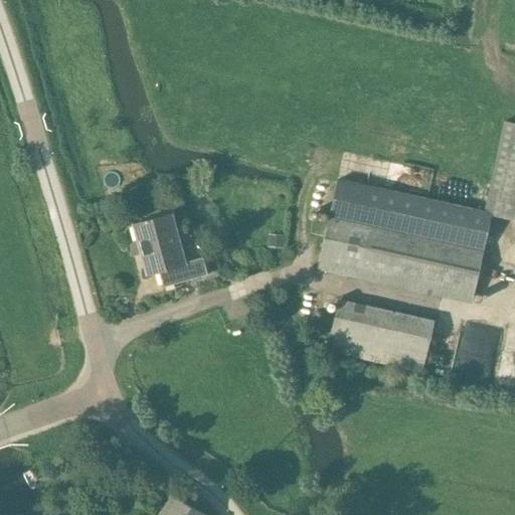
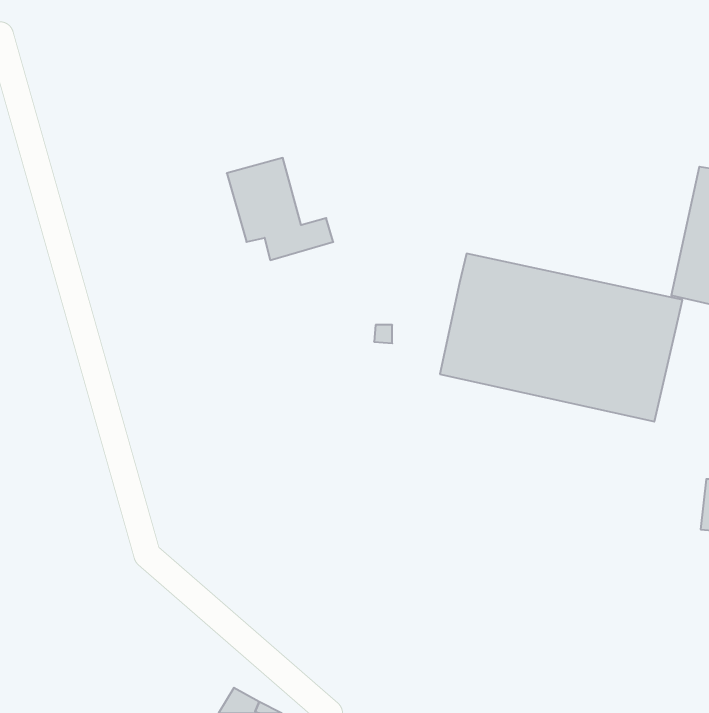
building: [136,212,212,286] -> [227,158,333,260]
building: [324,297,432,360] -> none

